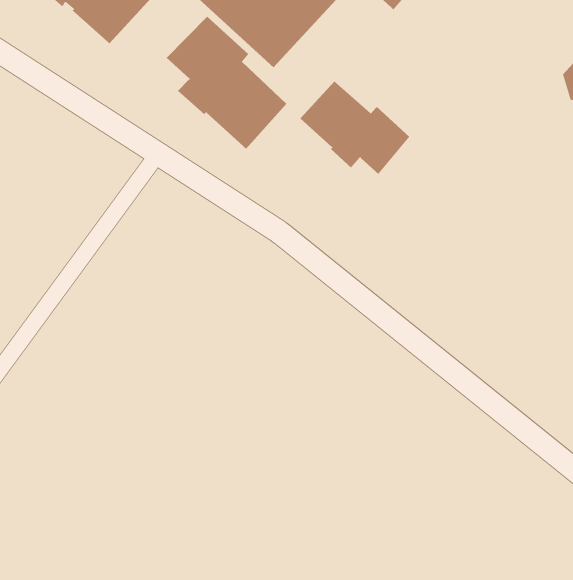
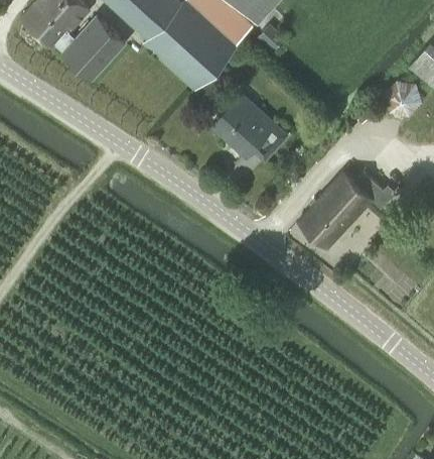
building: [166,16,287,150] -> none
building: none -> [298,171,385,247]

